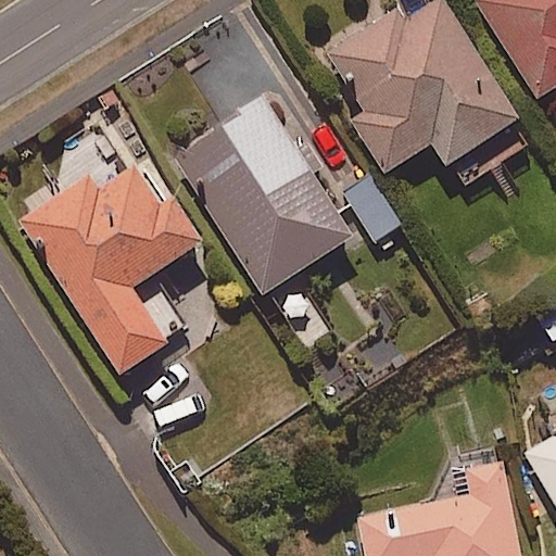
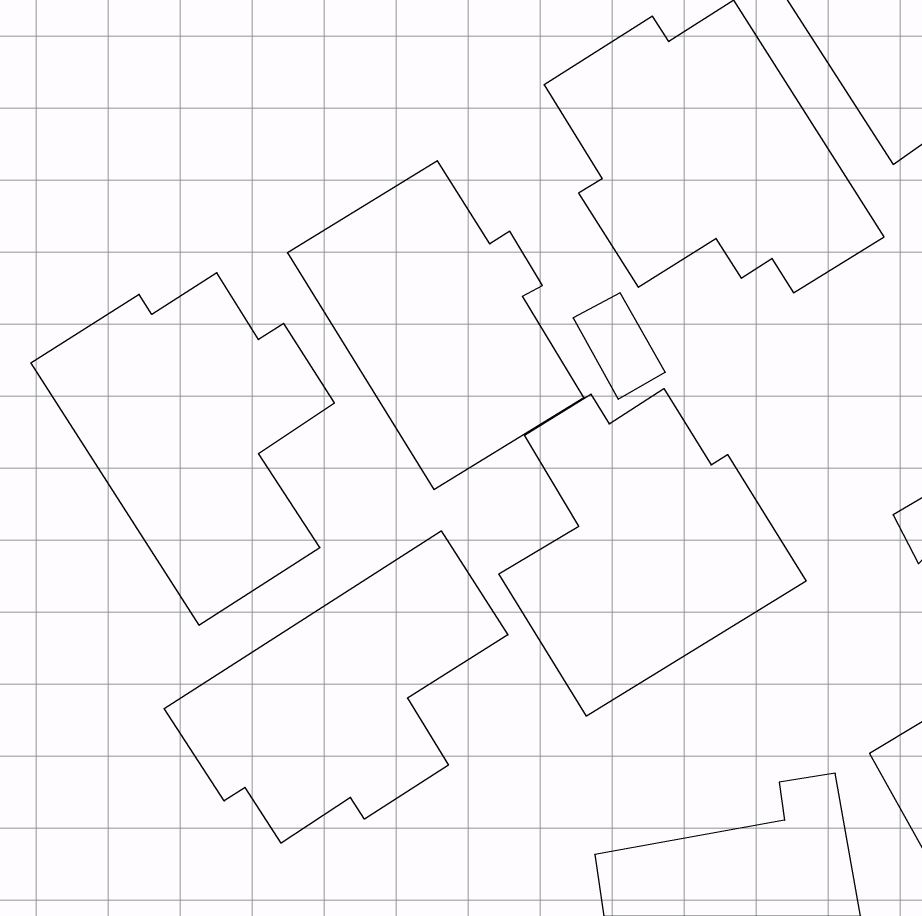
building: none -> [499,389,806,716]
building: none -> [164,531,508,843]

